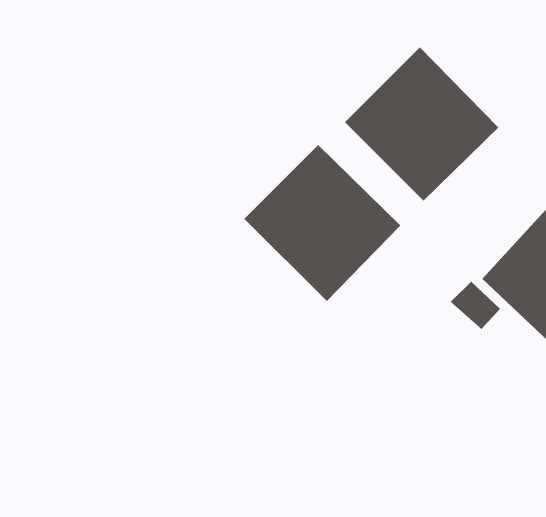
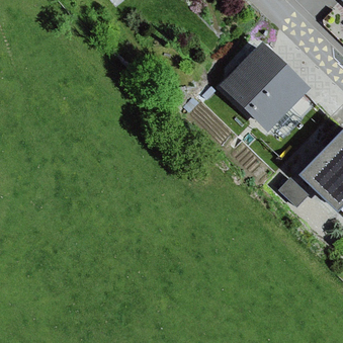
building: [244,144,401,302] -> none

